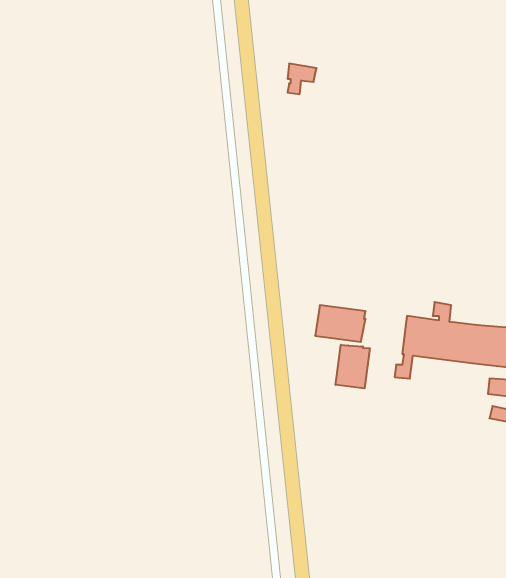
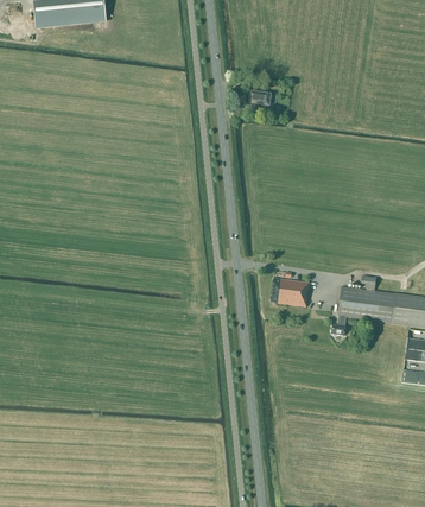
building: [336,345,370,388] -> none

